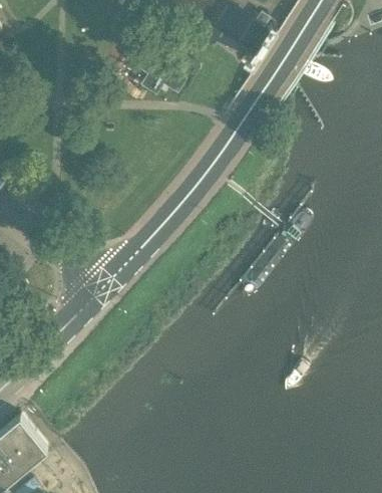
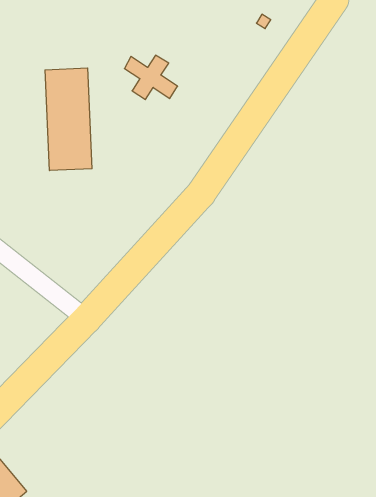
building: none -> [45,68,92,171]

